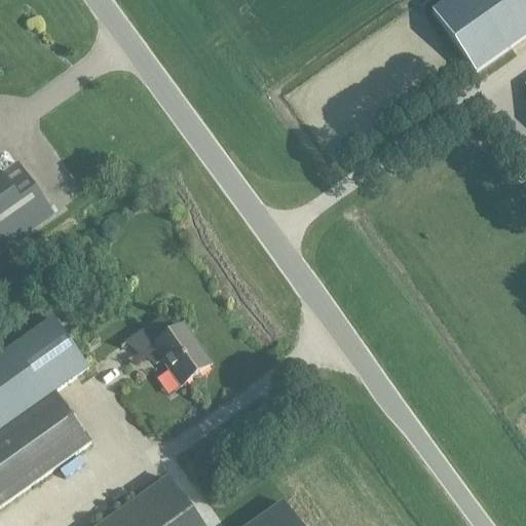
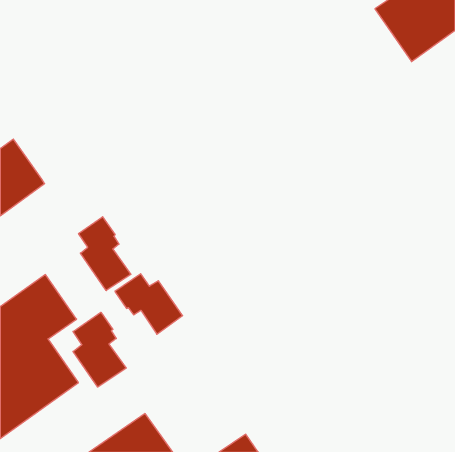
building: none -> [79,217,131,291]
building: none -> [73,312,126,387]

